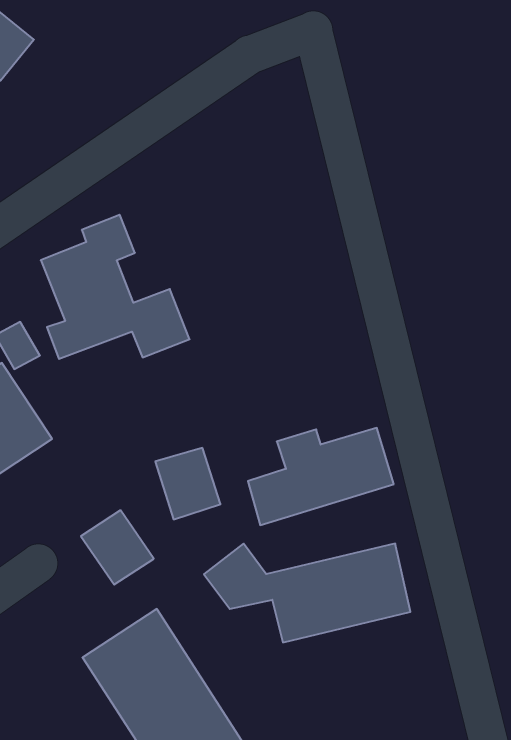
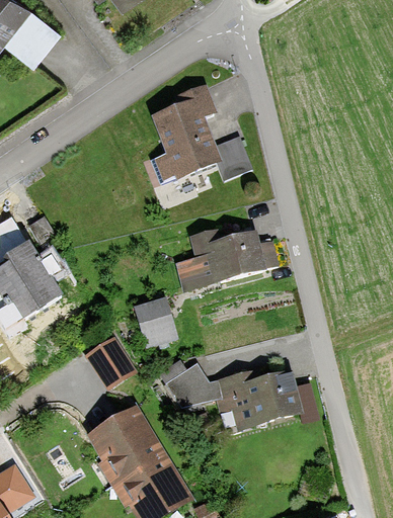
building: [41,215,190,359] -> [152,87,251,183]
building: [248,428,394,525] -> [172,229,269,293]

